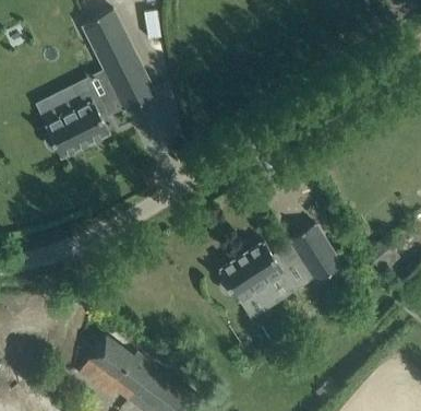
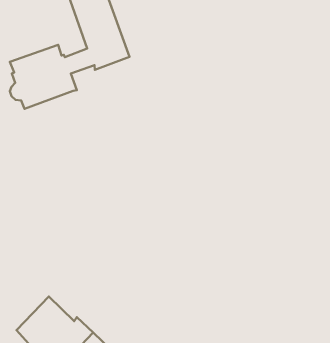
building: [218,224,341,309] -> none

